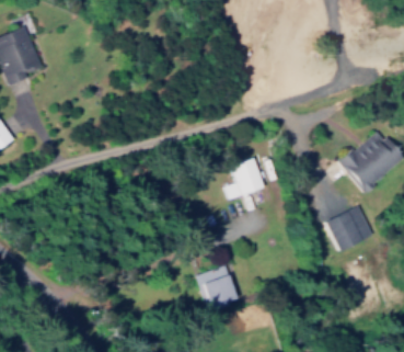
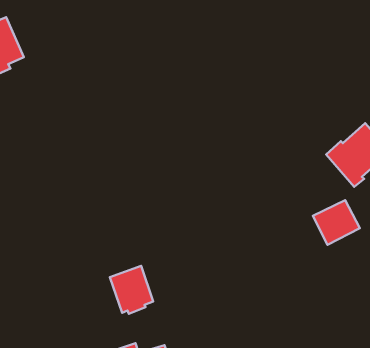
building: [226,157,265,198] -> none
building: [196,263,239,310] -> [110,266,153,314]

